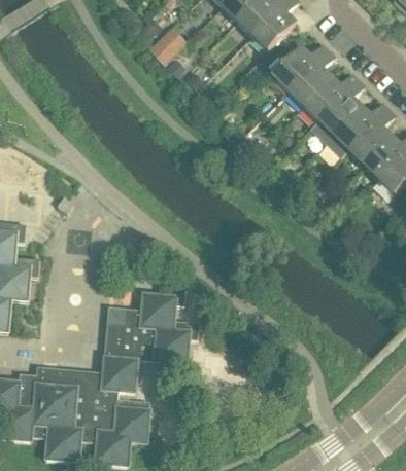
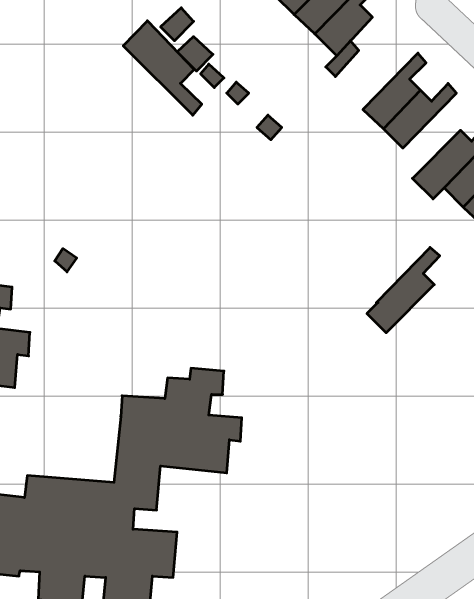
building: none -> [123,21,202,115]
building: [272,42,329,90] -> none
building: [310,78,365,142] -> [367,247,440,333]

